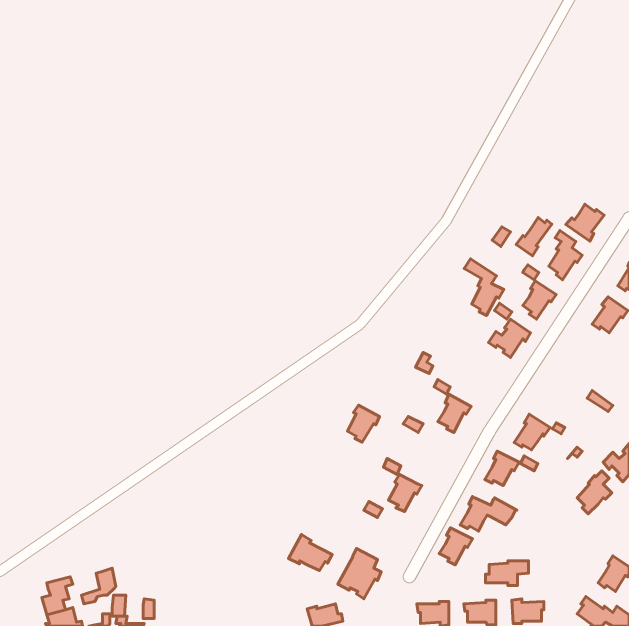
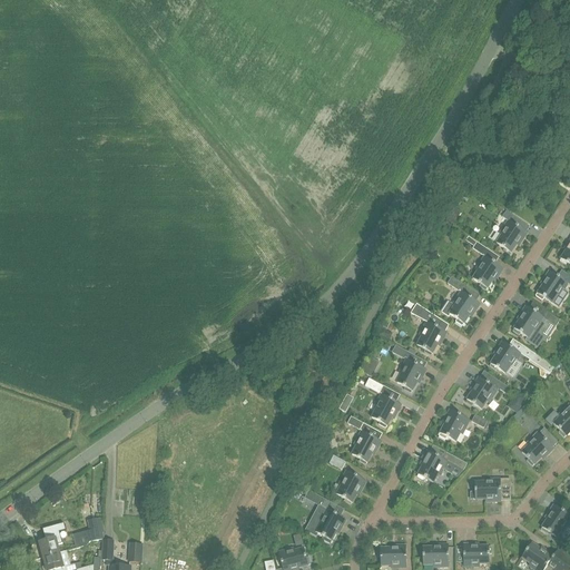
building: [566,204,604,241] -> none
building: [516,217,552,256] -> none
building: [464,259,504,315] -> [410,302,445,353]
building: none -> [511,304,559,345]
building: none -> [488,338,521,376]
building: [347,405,380,442] -> [371,392,400,425]
building: [439,528,473,565] -> [335,469,365,502]
building: [289,535,332,571] -> none
building: [485,561,529,585] -> [471,476,510,499]

